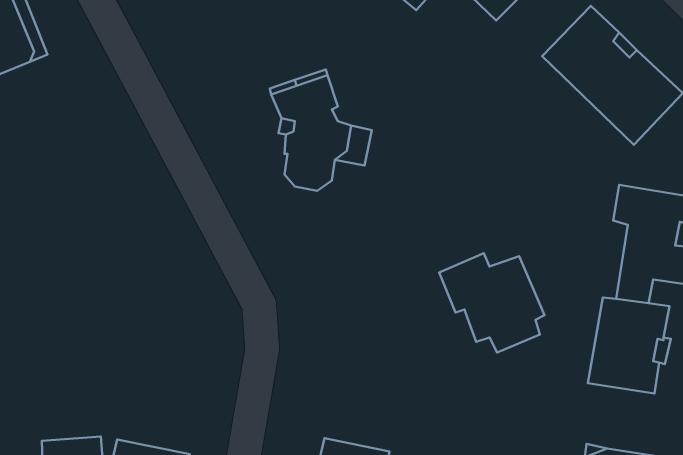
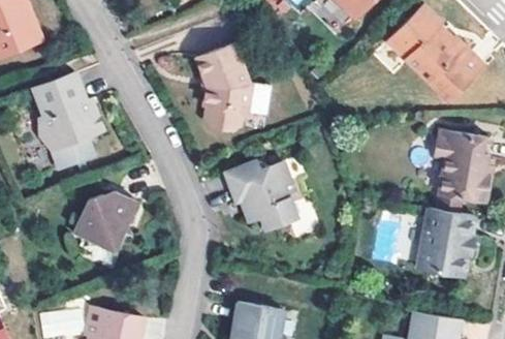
building: none -> [32,74,100,167]
building: [439,253,544,352] -> [227,161,301,230]
building: none -> [72,194,134,251]

